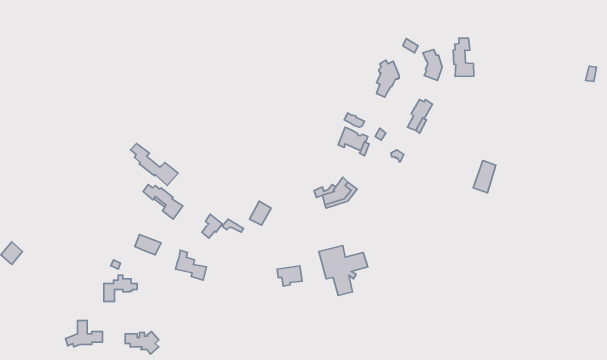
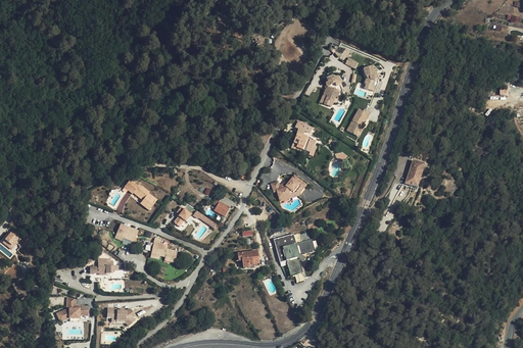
building: [453,38,474,77] -> none
building: [130,143,178,186] -> none

